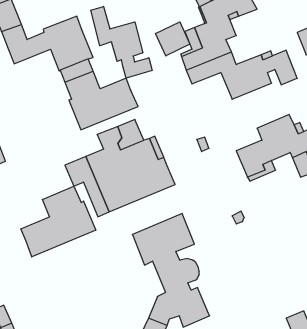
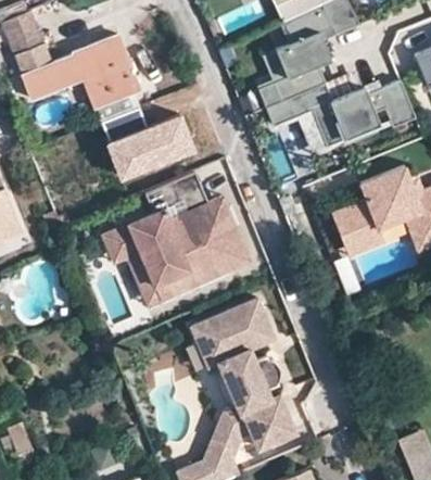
building: [91,6,152,78] -> none
building: [156,22,190,56] -> none
building: [21,186,96,257] -> none

